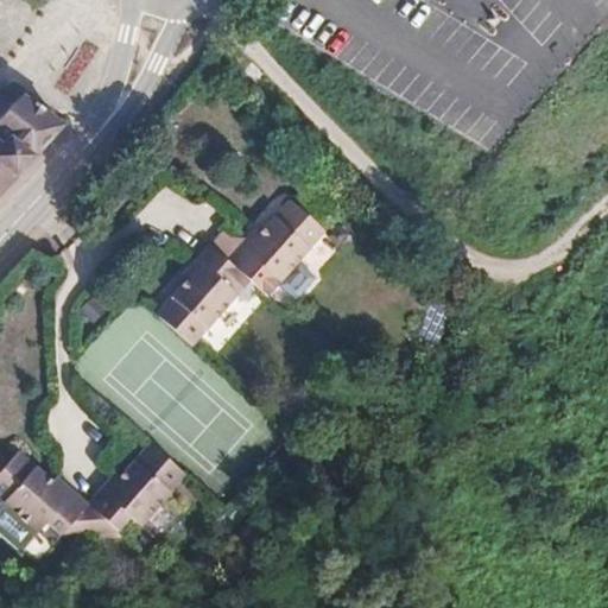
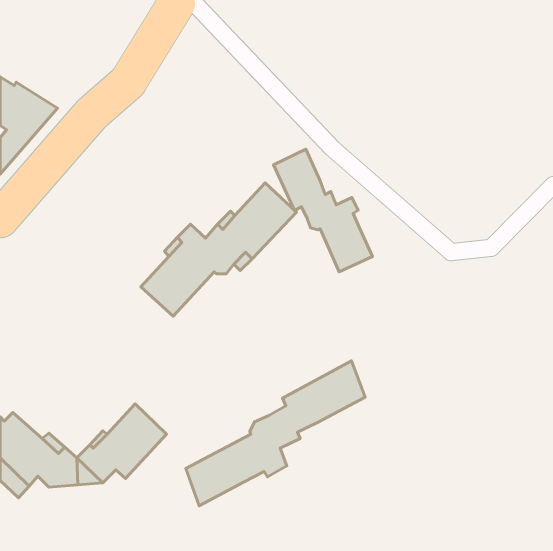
building: none -> [274,149,372,272]
building: none -> [186,361,365,506]

